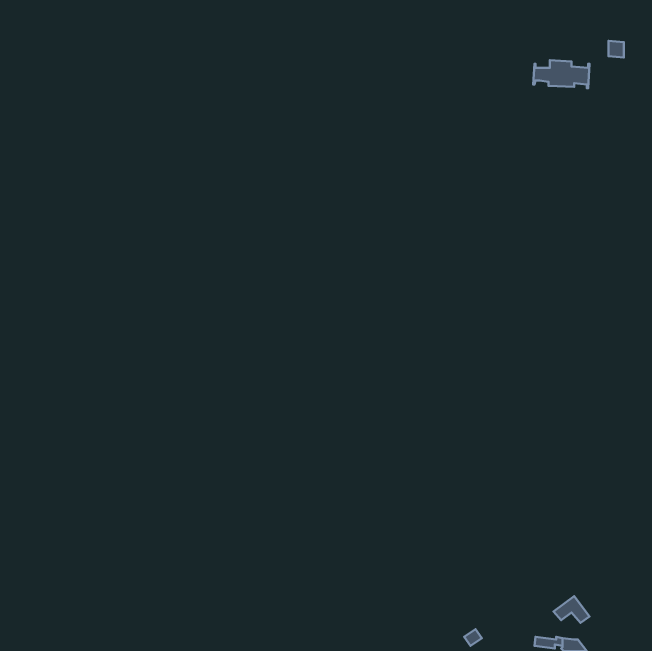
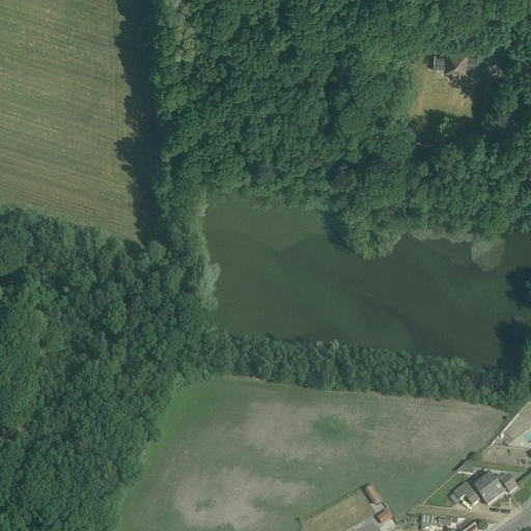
building: none -> [476,474,516,504]

